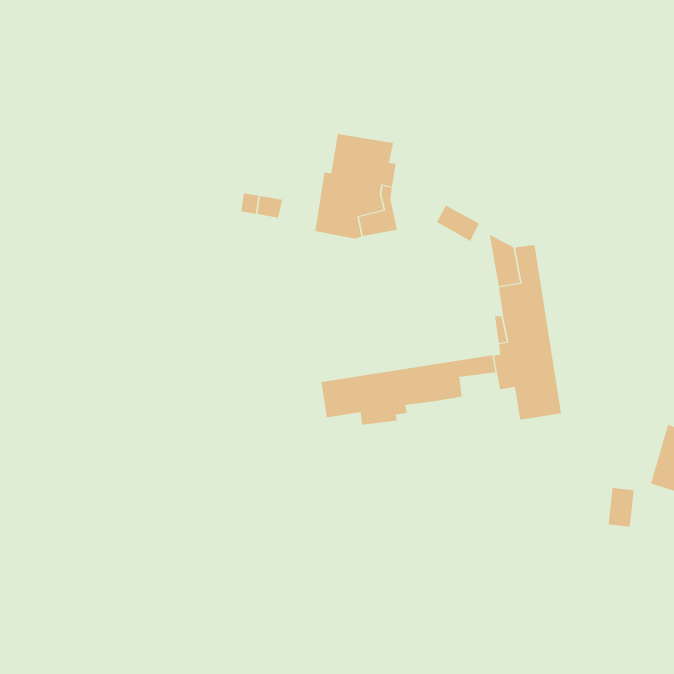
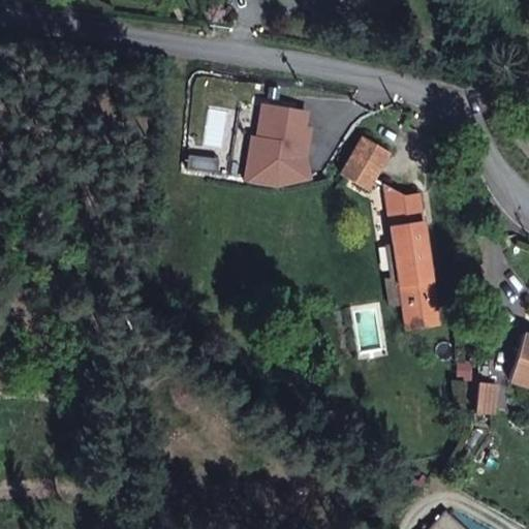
building: none -> [349,135,390,175]
building: [321,355,496,426] -> none

